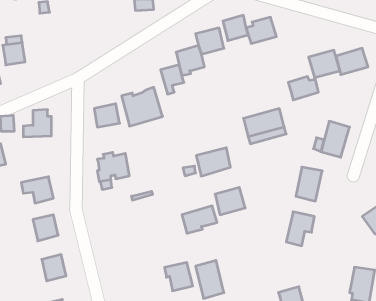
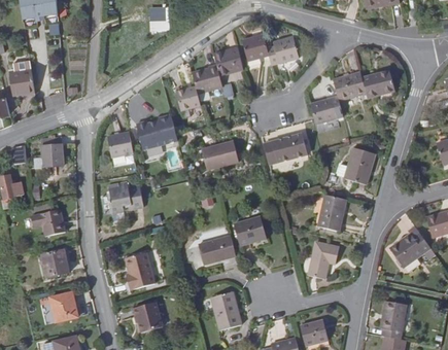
building: [196,148,230,176] -> [202,141,238,171]
building: none -> [125,249,154,286]
building: [165,263,193,291] -> [131,299,161,328]

